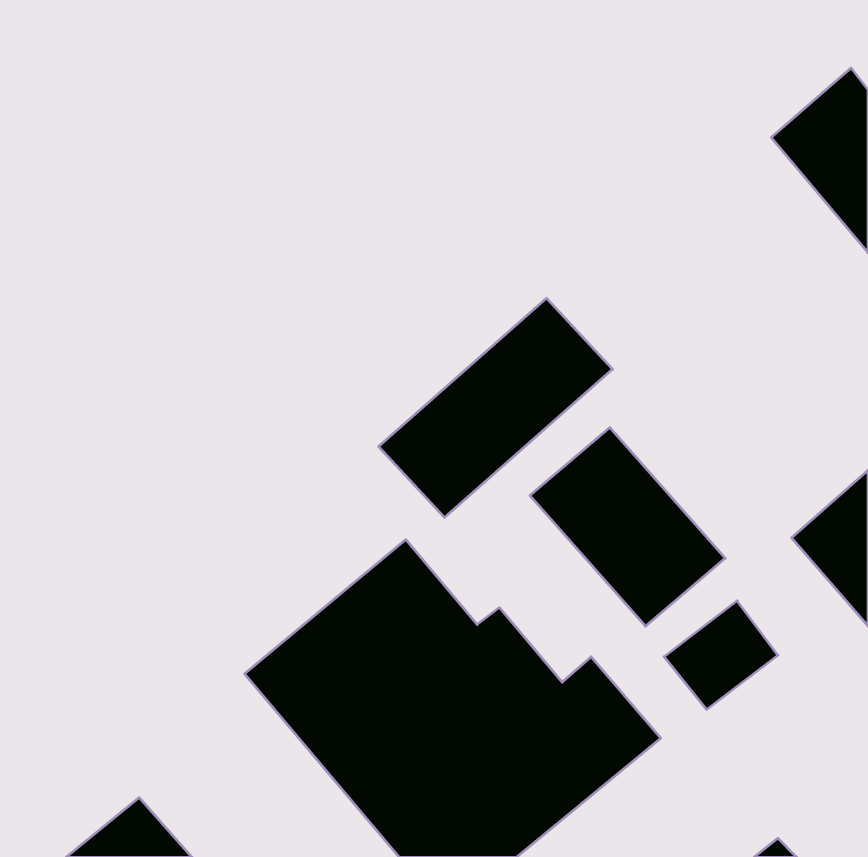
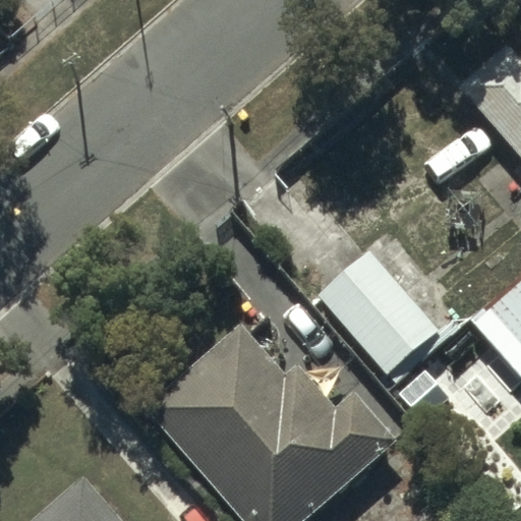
building: [379,298,613,517] -> none

